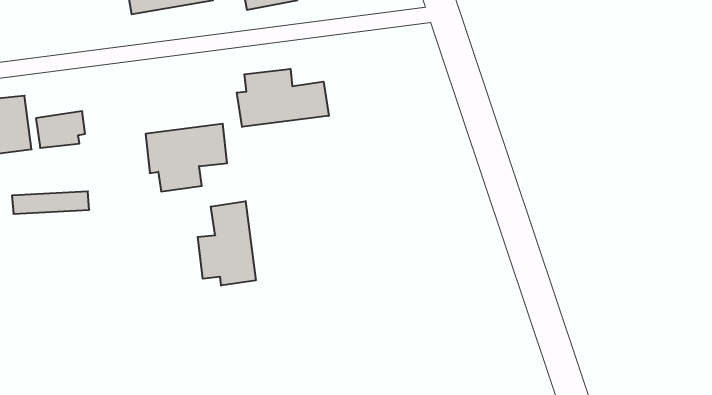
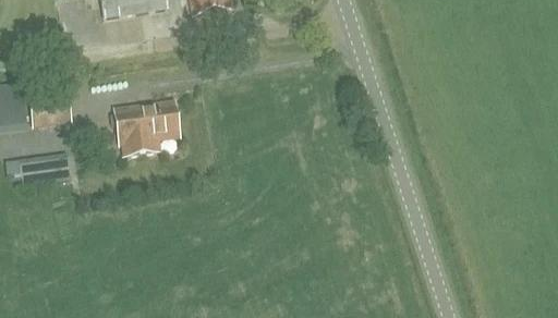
building: [237,69,329,127] -> none
building: [198,201,256,286] -> none

